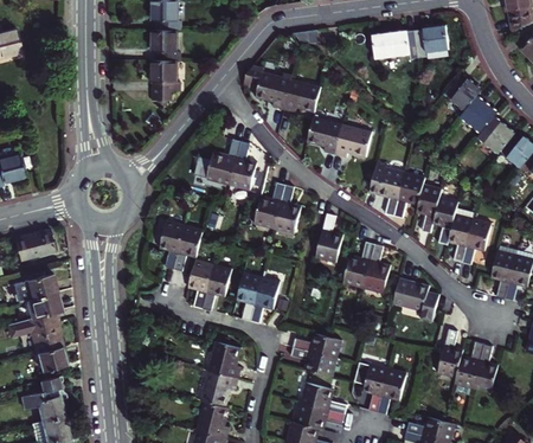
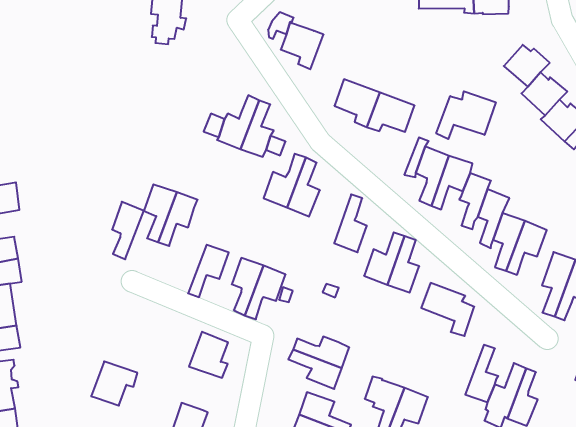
building: [285,83,322,115] -> none
building: none -> [436,91,496,139]
building: [187,259,212,307] -> [112,202,144,259]
building: [198,367,235,403] -> [91,361,137,406]

